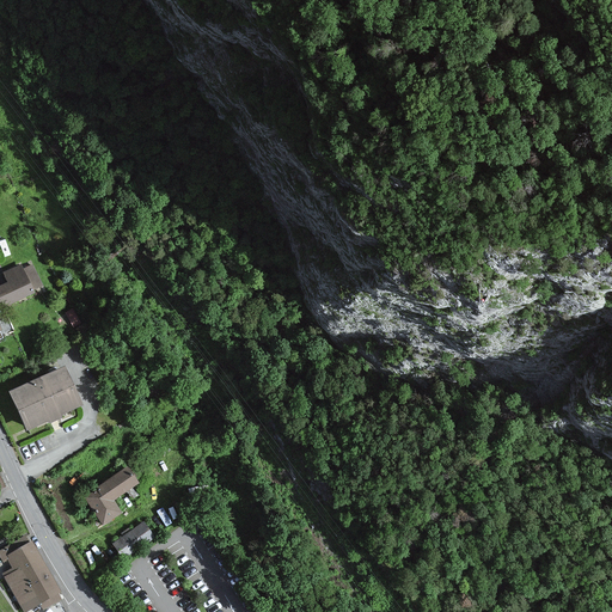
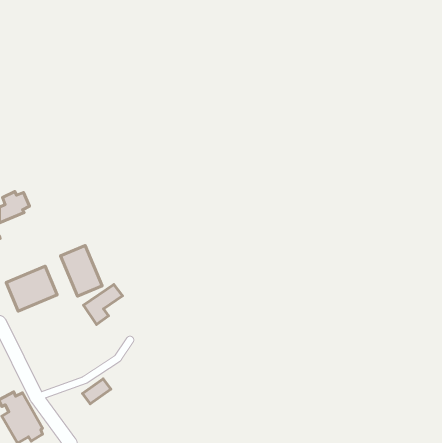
building: none -> [60,246,102,296]
building: [85,467,139,522] -> [84,284,123,324]

